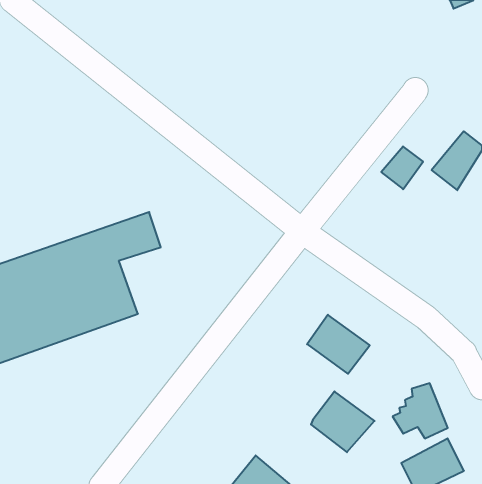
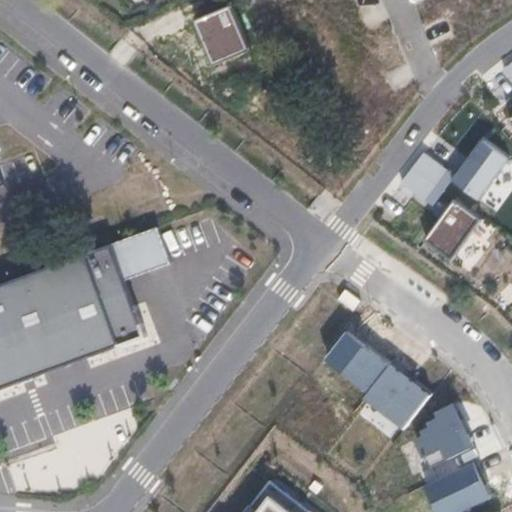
building: none -> [188,8,243,65]
building: none -> [431,202,484,265]
building: [311,391,375,452] -> [364,365,431,429]

